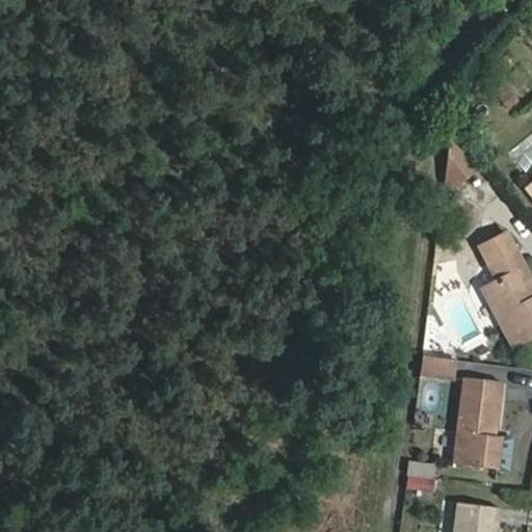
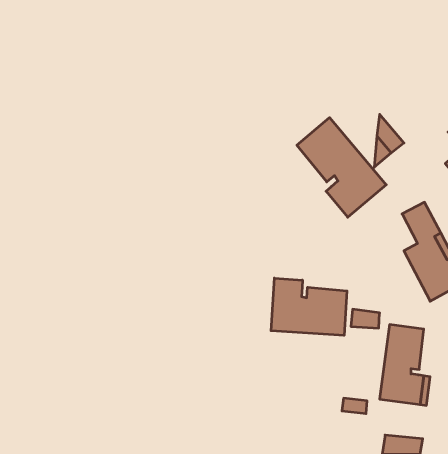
building: none -> [297,118,386,217]
building: none -> [271,278,347,335]

